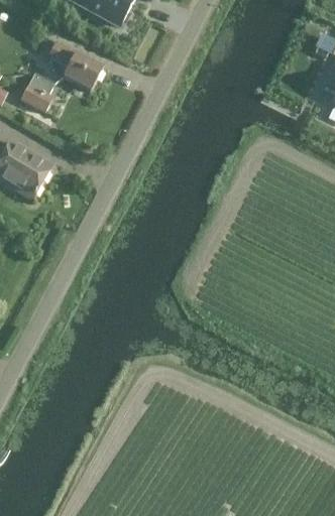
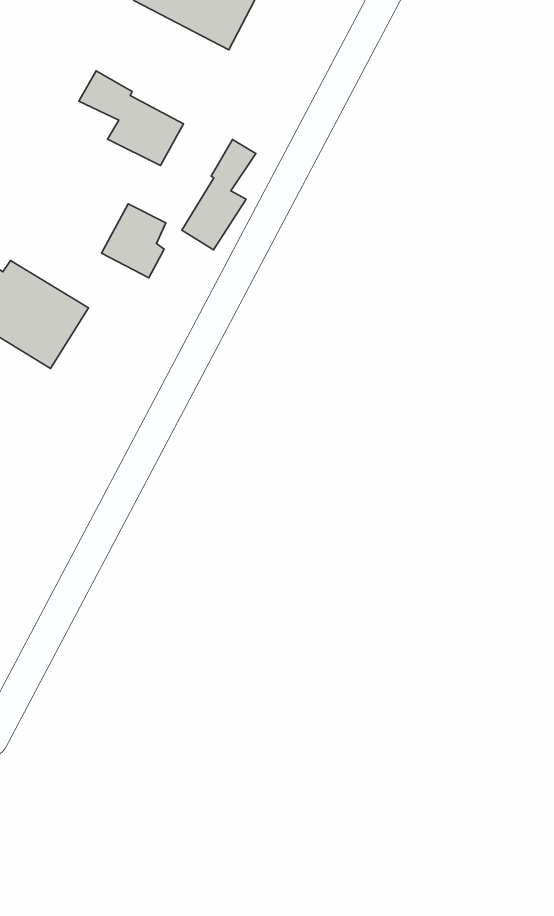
building: [19,73,53,112] -> [101,204,166,278]
building: none -> [182,139,256,250]

